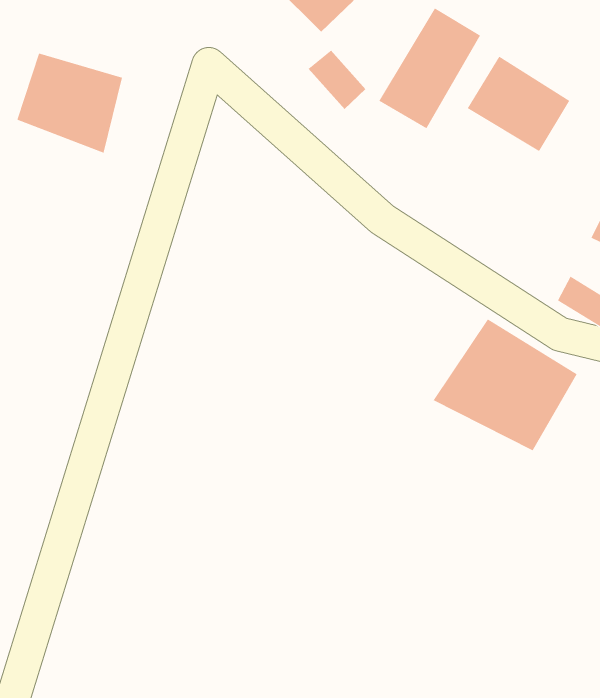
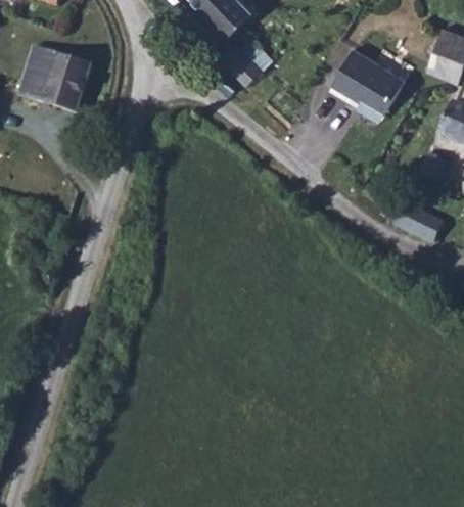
building: [379,7,481,129] -> none
building: [433,318,578,451] -> none

